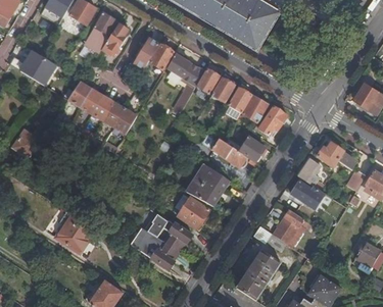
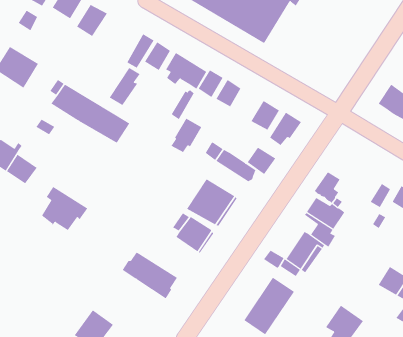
building: [102,23,130,57] -> [109,67,140,106]
building: [226,89,253,119] -> [171,118,202,153]
building: [319,143,357,169] -> none
building: none -> [6,154,37,184]
building: [57,212,98,251] -> [41,186,88,231]
building: [144,213,193,252] -> none

